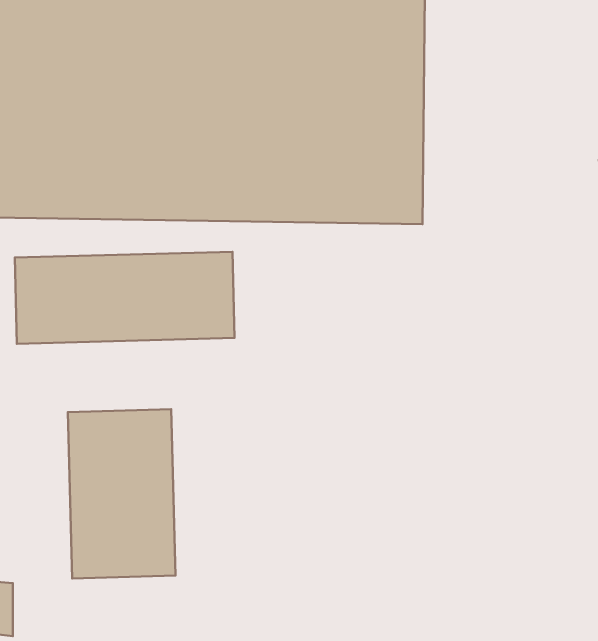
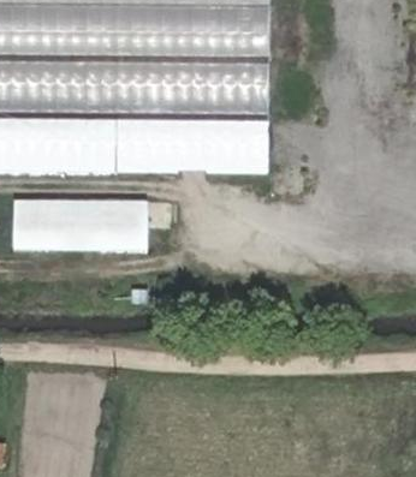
building: [68,409,175,579] -> none

